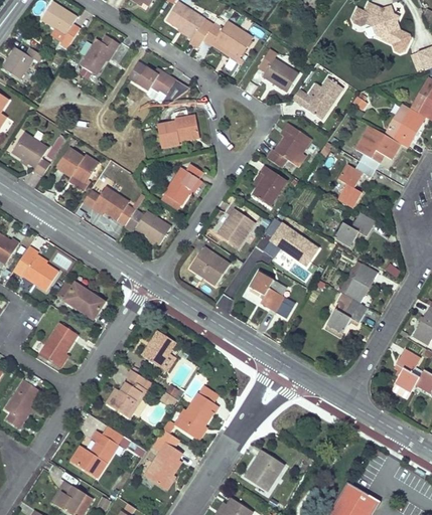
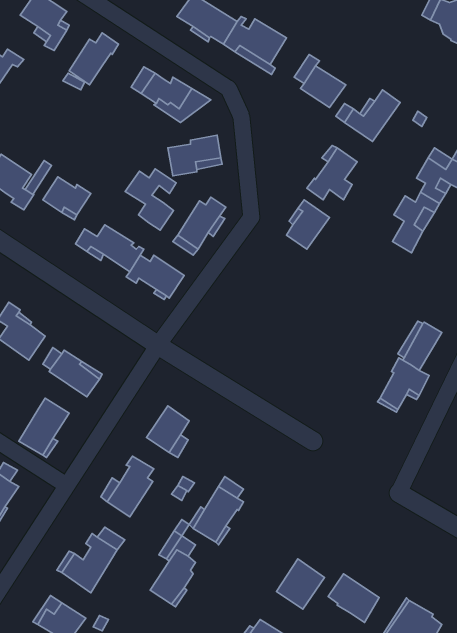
building: none -> [125,169,176,230]
building: [218,207,255,246] -> none
building: [334,212,376,246] -> none
building: [263,216,320,267] -> none
building: [189,246,230,285] -> none
building: [249,271,285,311] -> none
building: none -> [328,574,379,622]

